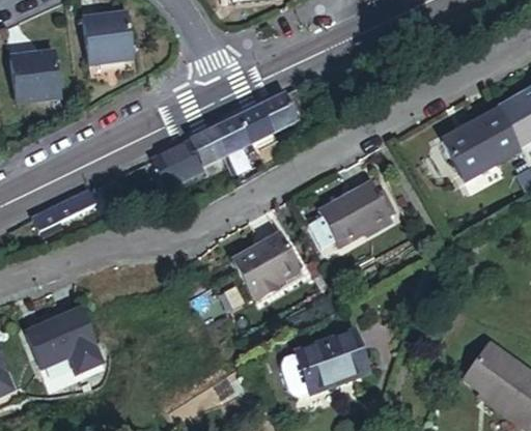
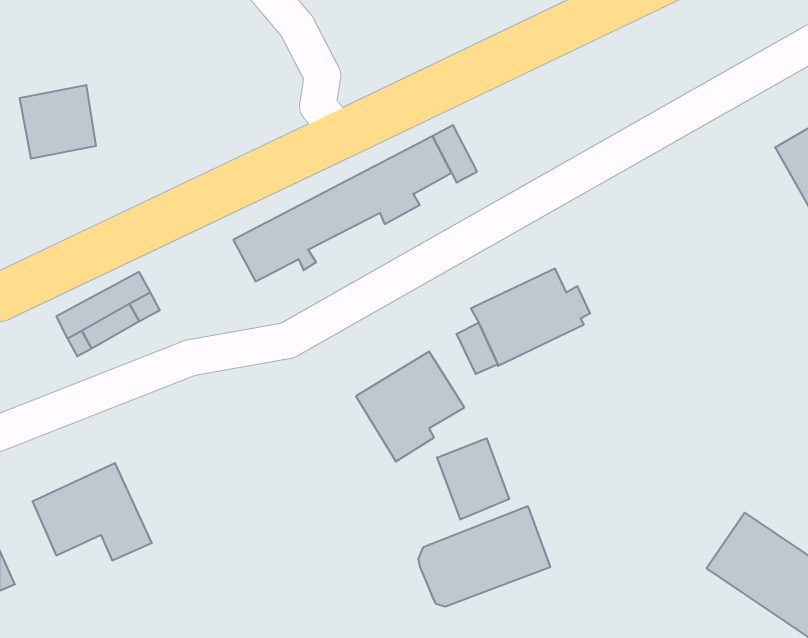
building: [85,16,136,67] -> none
building: [437,108,515,180] -> none
building: none -> [437,438,509,520]

